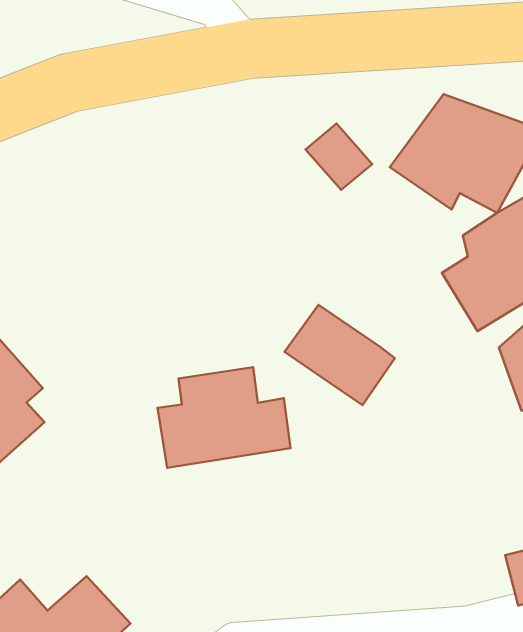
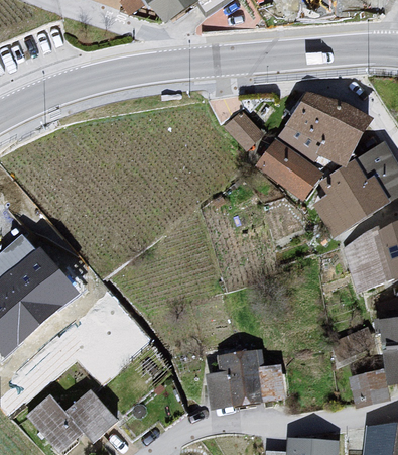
building: [285,305,395,405] -> [256,136,324,199]
building: [157,367,290,468] -> [204,346,286,409]

